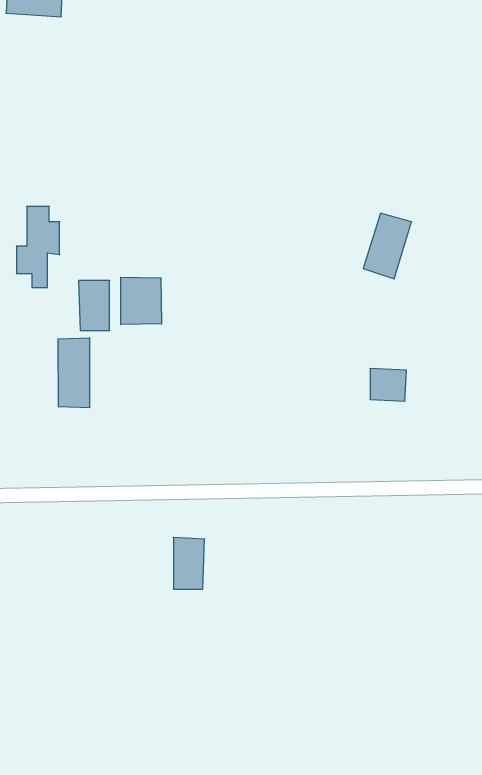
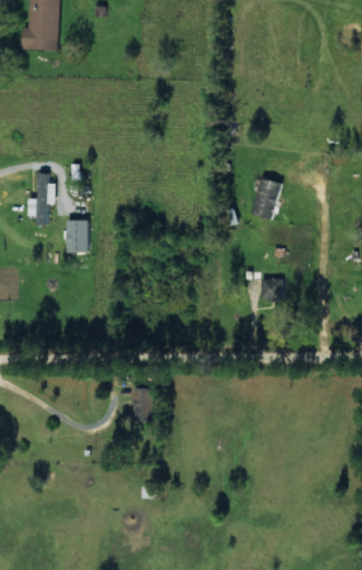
building: [121,277,162,325] -> none
building: [58,338,90,408] -> none

